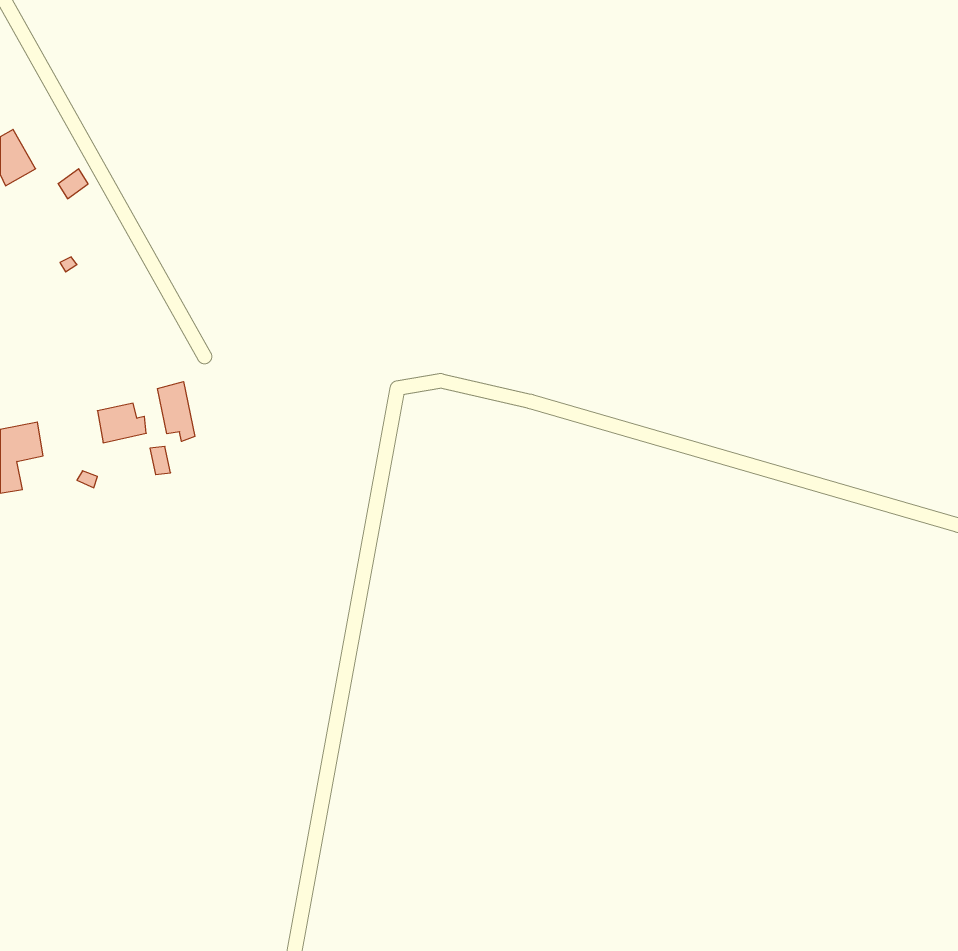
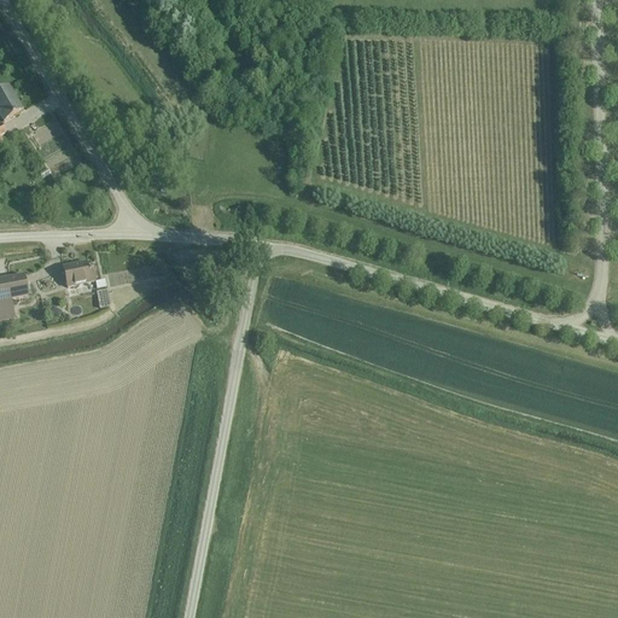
building: [157,382,195,441] -> none

